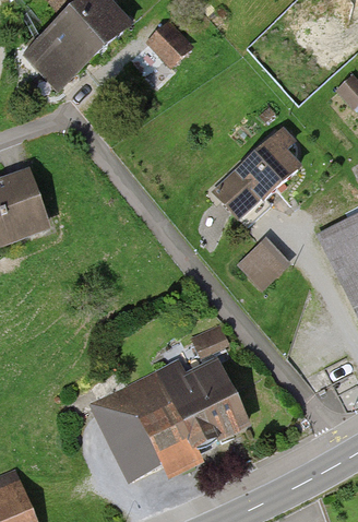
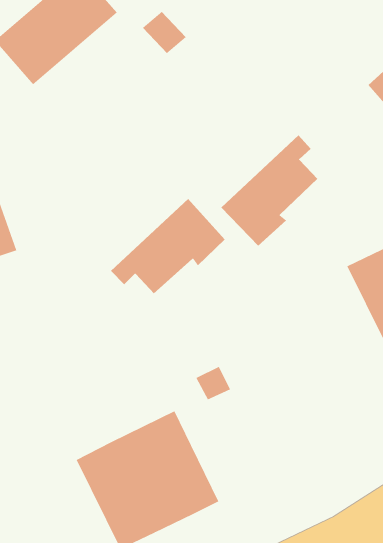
building: none -> [110,198,226,294]
building: [240,244,283,286] -> none
building: [192,361,247,437] -> none

